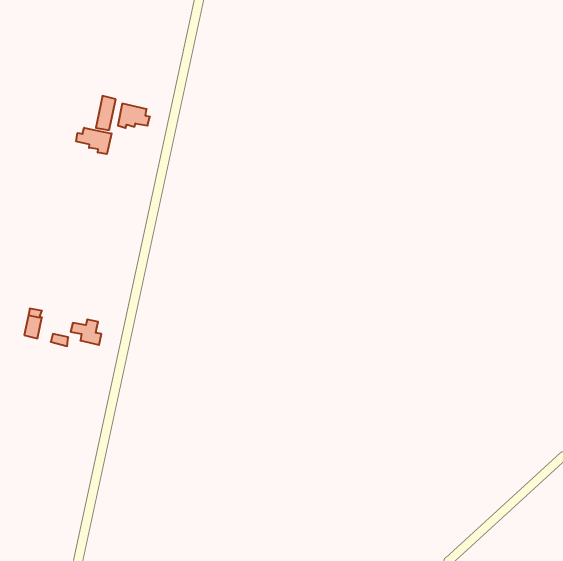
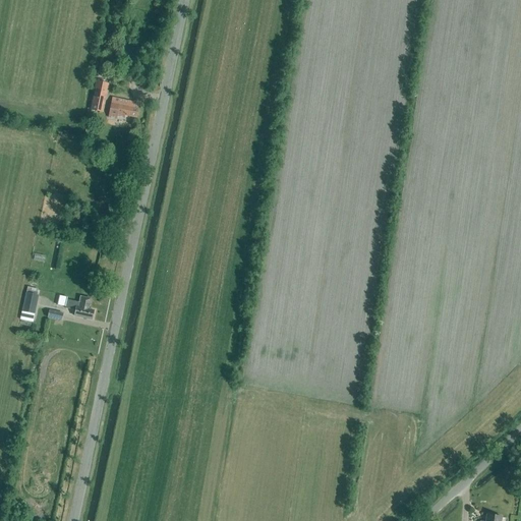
building: [76,128,112,154] -> none

